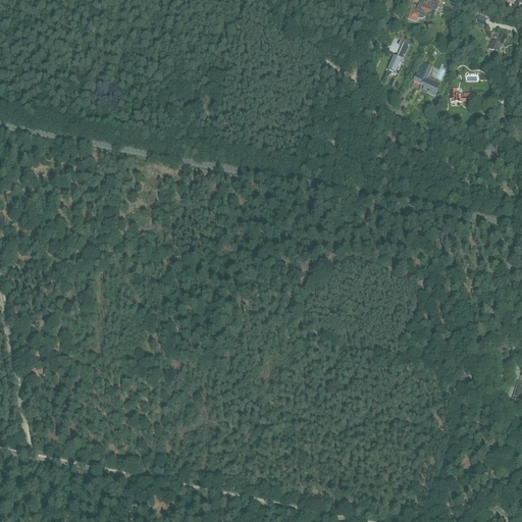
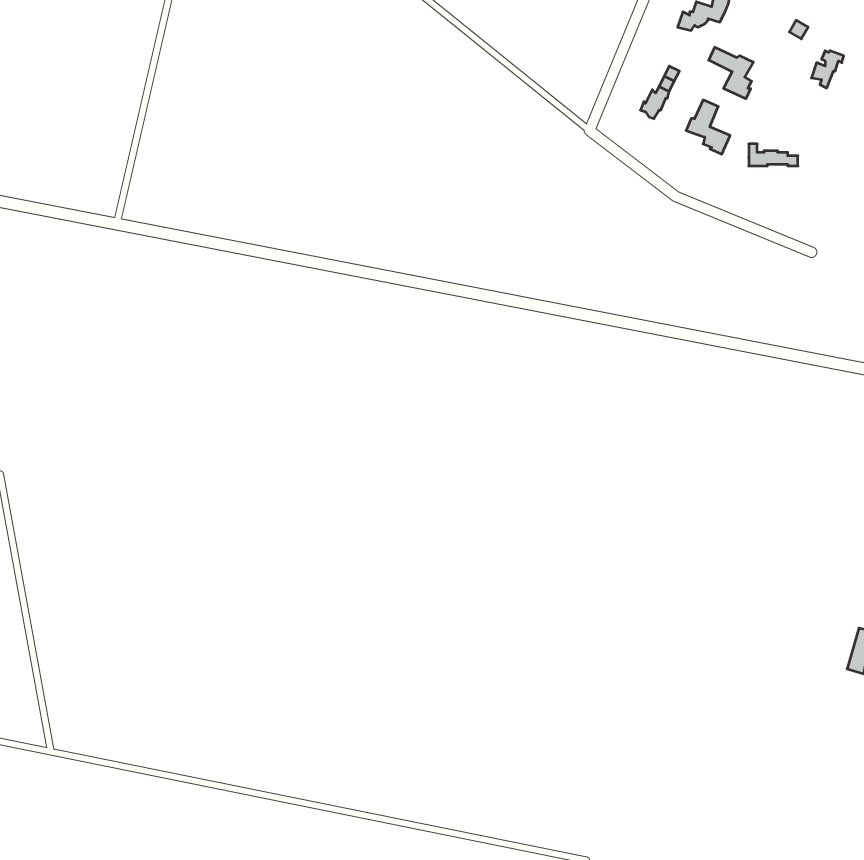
building: none -> [709,47,753,99]

